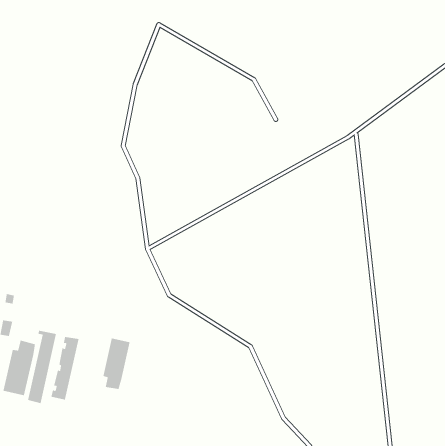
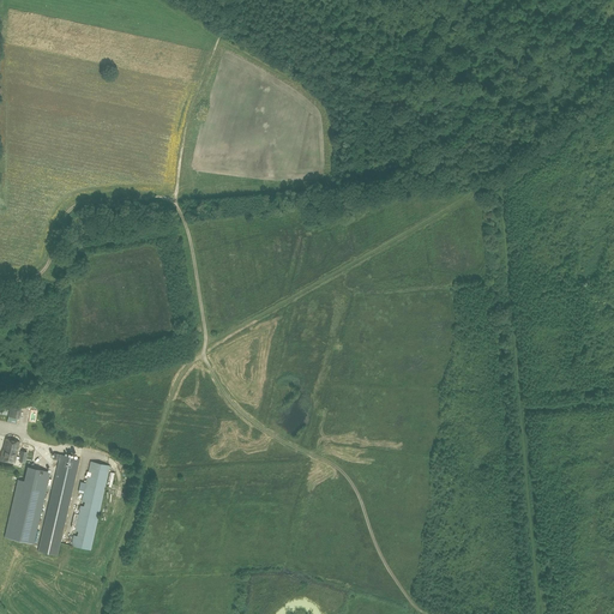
building: [102,338,131,390] -> none

